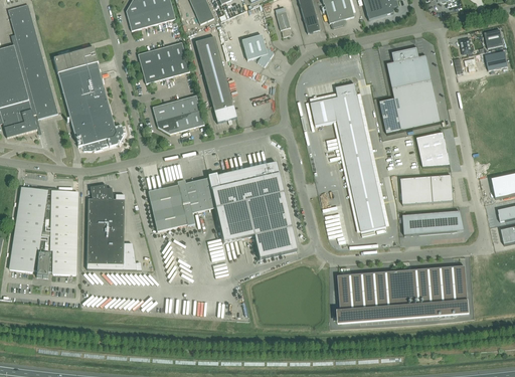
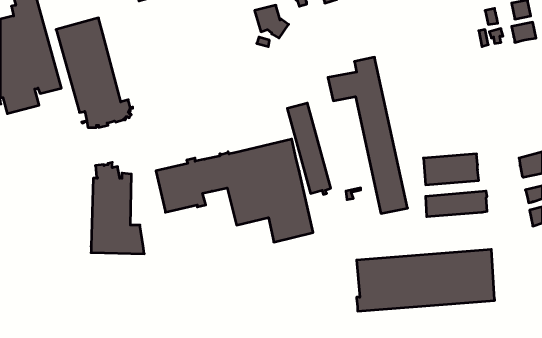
building: [195,36,236,123] -> [287,103,331,194]
building: [138,41,190,82] -> none
building: [379,48,441,133] -> none
building: [152,95,204,133] -> none
building: [416,132,451,166] -> none
building: [10,187,77,276] -> none

